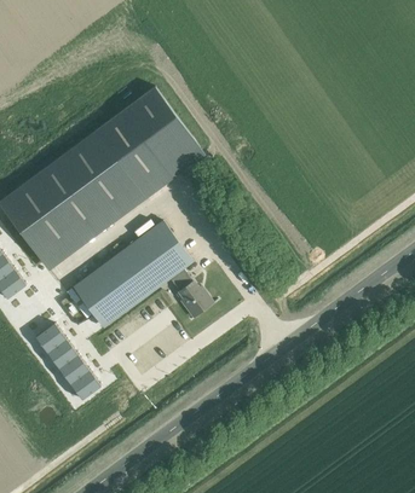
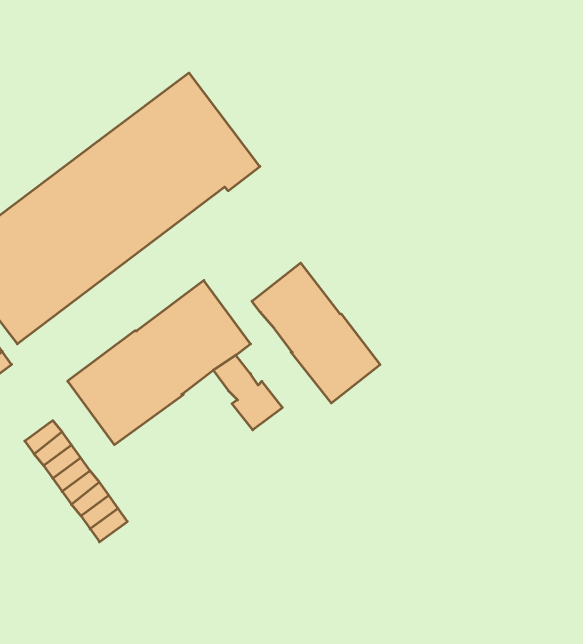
building: none -> [252,263,380,403]

